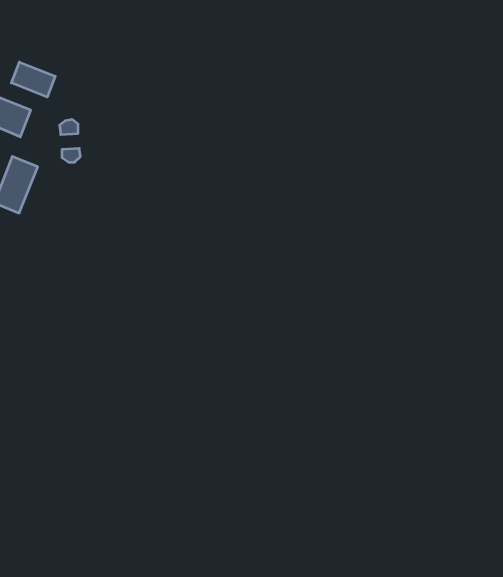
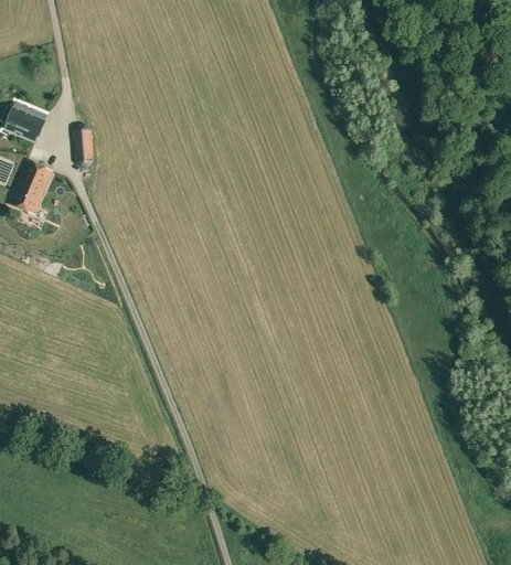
building: [11,62,55,97] -> none

